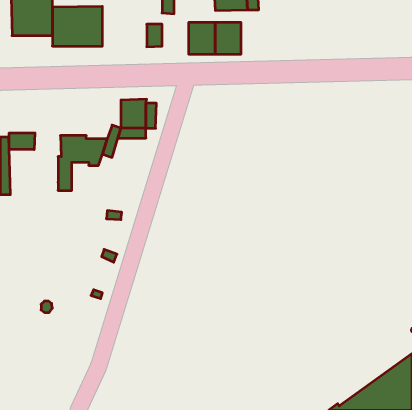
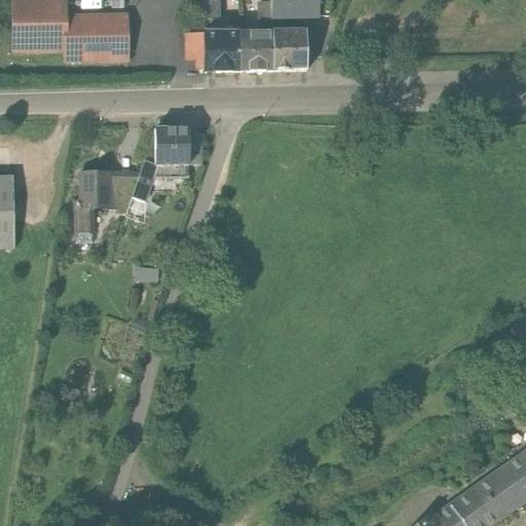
building: none -> [206,29,240,69]
building: [9,133,35,150] -> none

